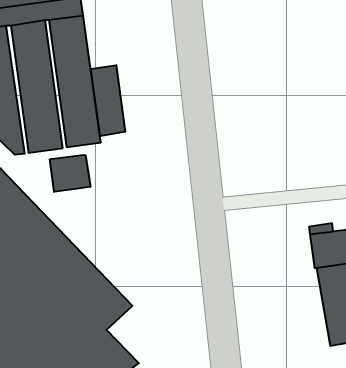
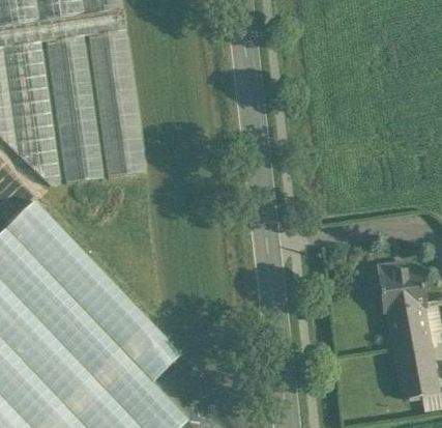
building: [91,65,125,136] -> none
building: [50,155,90,192] -> none

